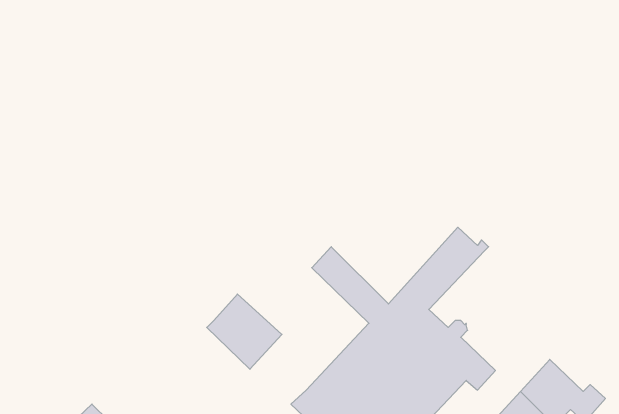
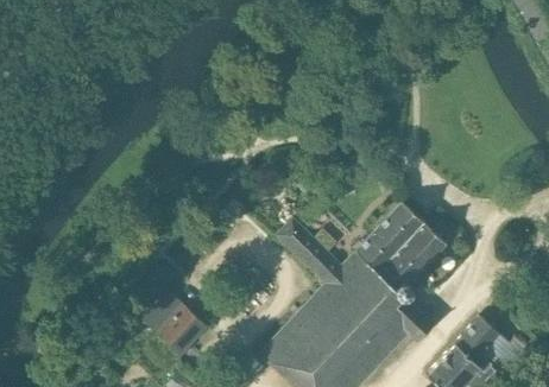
building: none -> [376,223,446,288]
building: [207,294,282,369] -> [141,292,206,356]

